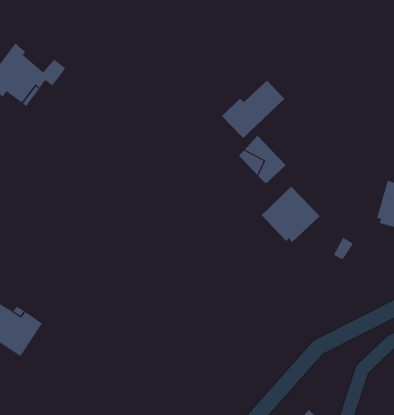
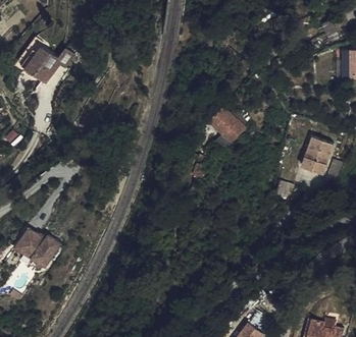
building: [221,80,285,139] -> none
building: [261,186,320,243] -> none

